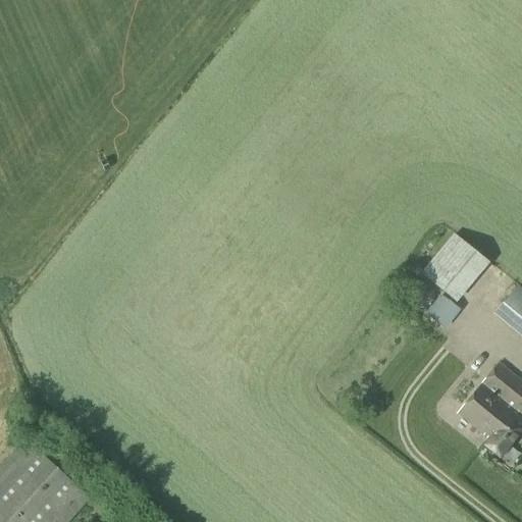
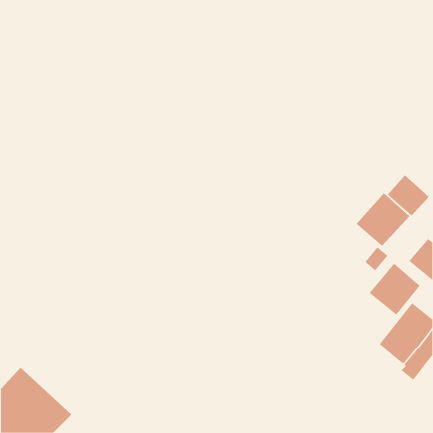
building: none -> [387,175,429,216]
building: none -> [369,263,421,316]

